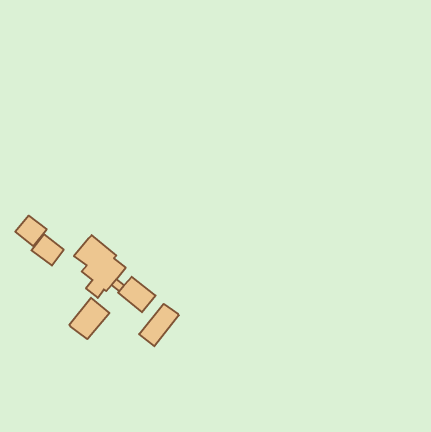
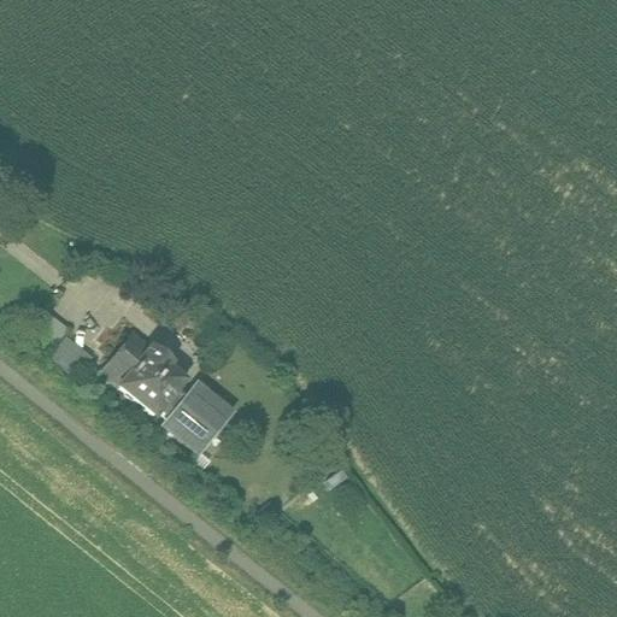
building: [69,298,109,339] -> none
building: [139,304,179,346] -> none

